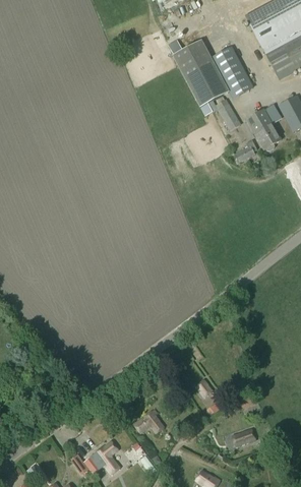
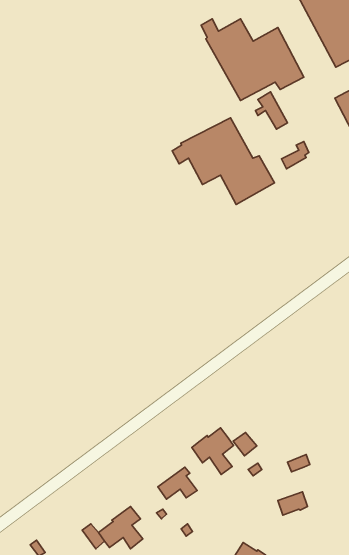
building: [245,109,281,149] -> none
building: none -> [172,118,275,204]
building: none -> [192,428,234,474]

